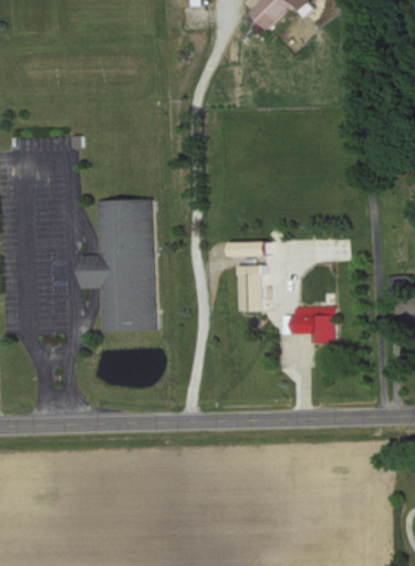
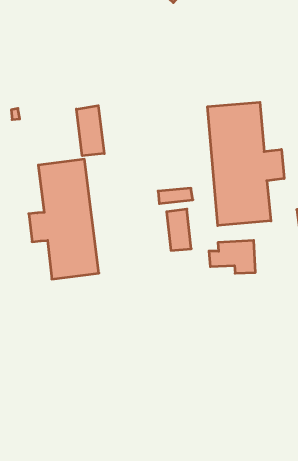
building: none -> [76,106,104,156]
building: none -> [208,102,284,226]

